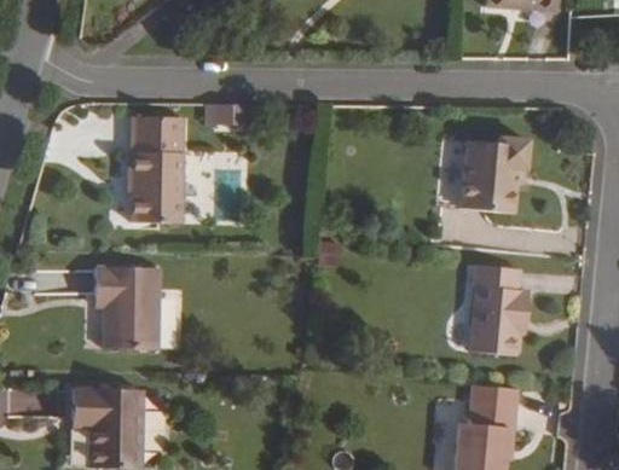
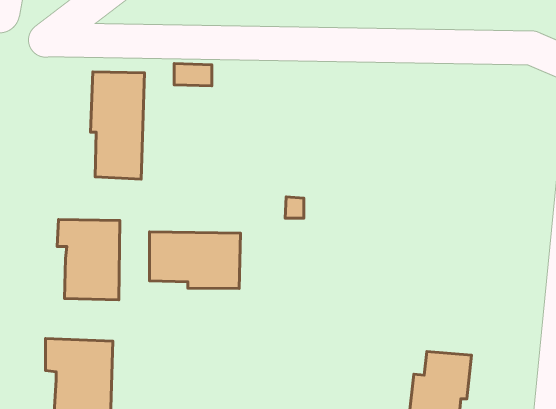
building: [462,139,531,216] -> none
building: [470,262,528,353] -> none
building: none -> [150,232,241,288]

